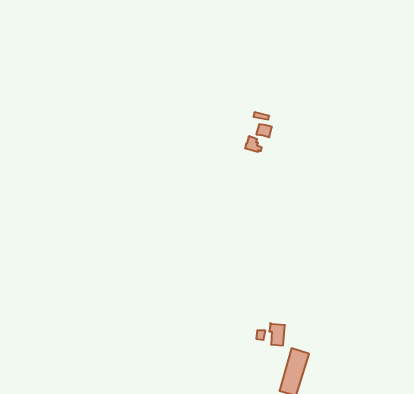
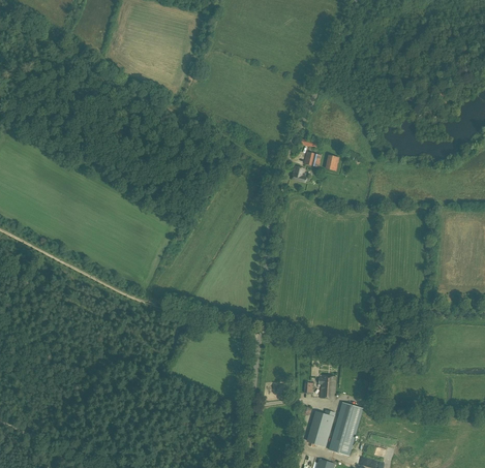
building: none -> [308,409,334,446]

